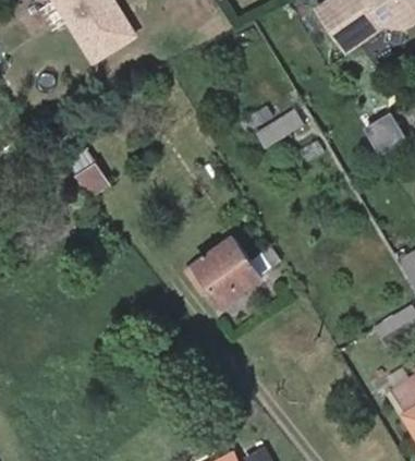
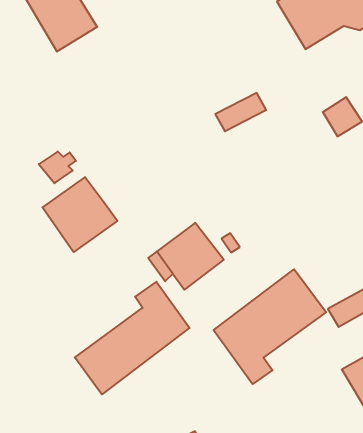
building: none -> [42,177,117,252]
building: none -> [214,269,326,384]
building: none -> [75,282,190,394]

